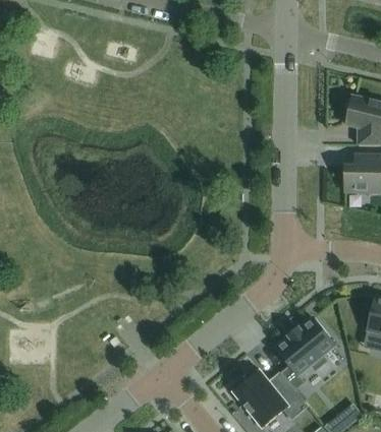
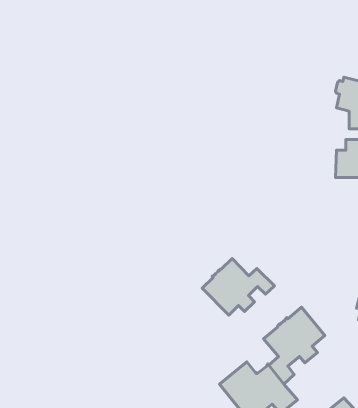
building: none -> [202,259,274,315]

